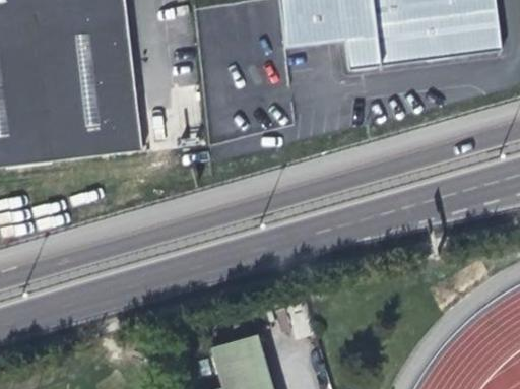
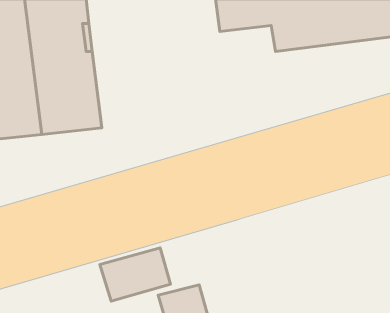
building: none -> [100,248,171,301]

